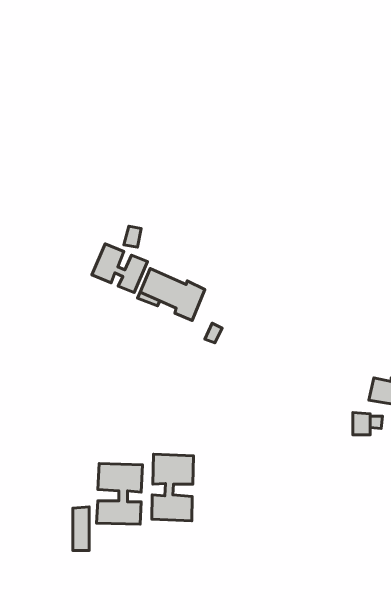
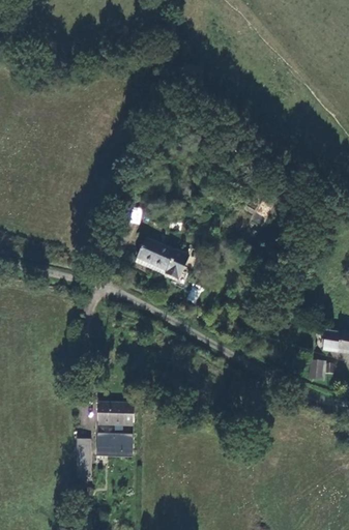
building: [92,244,148,292] -> none
building: [152,454,194,521] -> none

